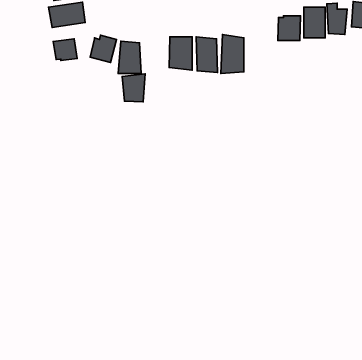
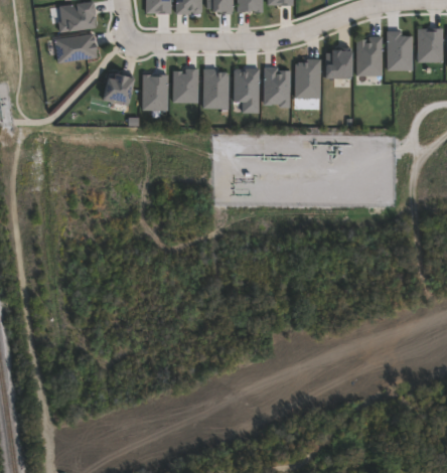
building: none -> [293,59,320,100]
building: [53,39,77,60] -> none
building: [122,74,145,102] -> [172,70,199,104]

